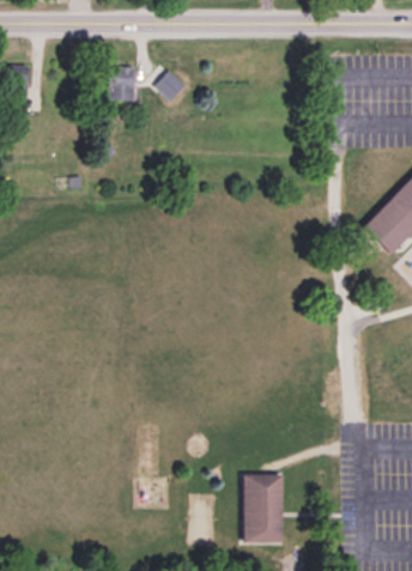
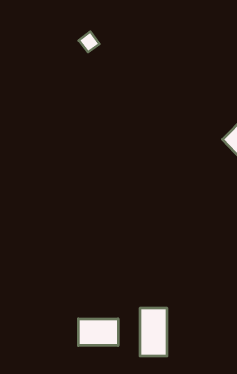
building: [110,67,137,101] -> none
building: none -> [78,319,118,346]

